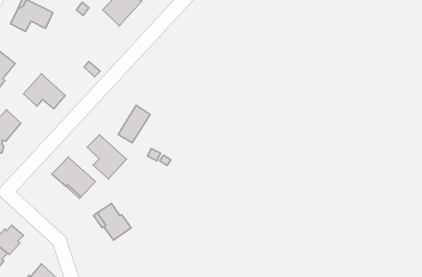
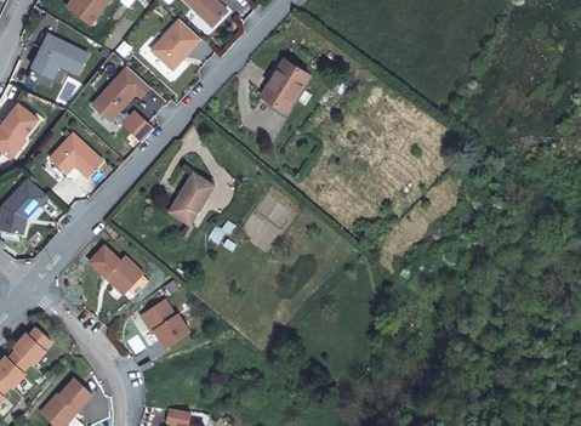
building: none -> [263,59,307,110]
building: none -> [92,67,150,121]
building: [87,135,127,179] -> none

